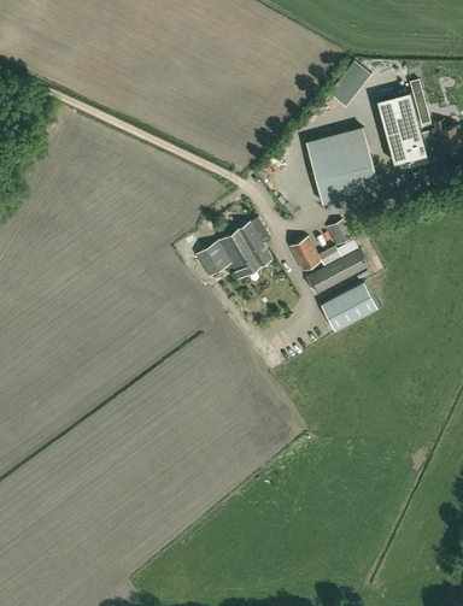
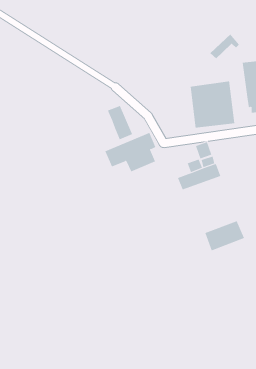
building: none -> [107,105,133,140]
building: [289,237,321,272] -> none
building: [321,281,380,330] -> [205,220,245,251]

